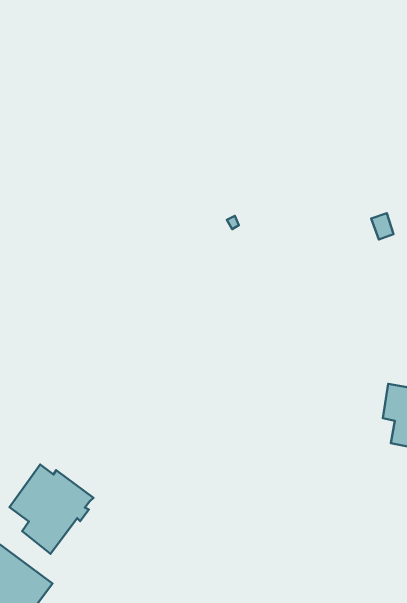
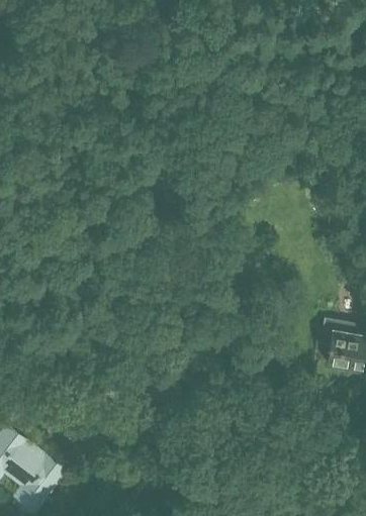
building: [10,464,94,554] -> none

